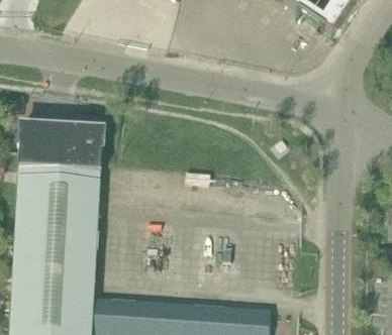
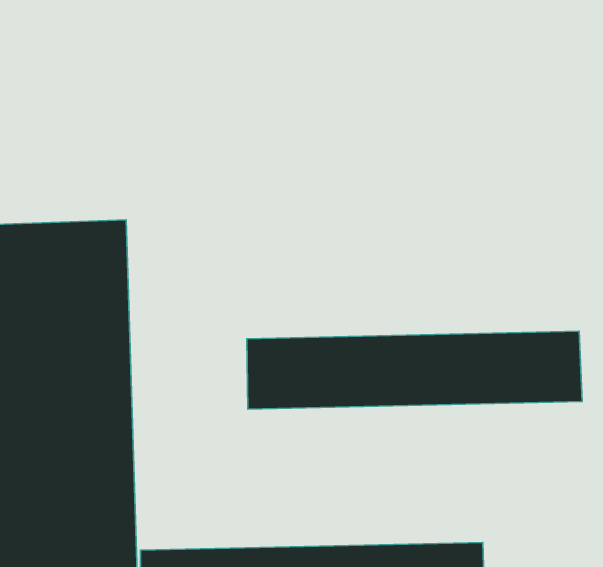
building: none -> [247,331,582,409]

